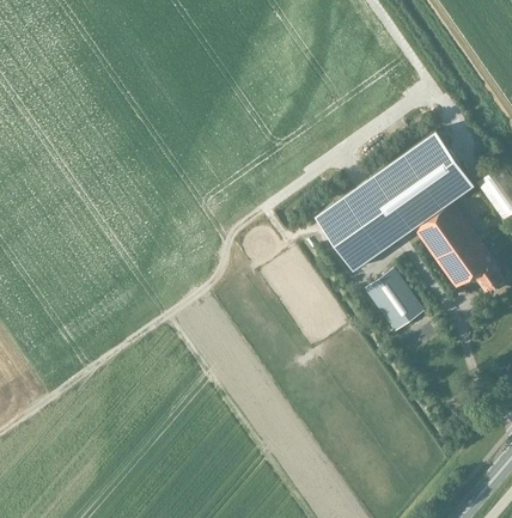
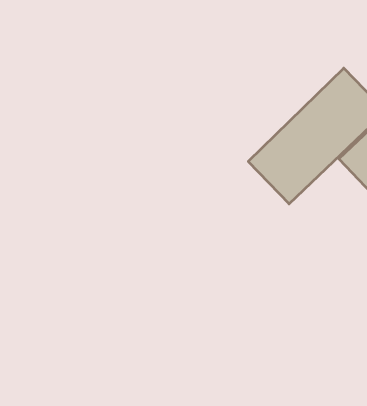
building: [365,270,422,331] -> none

